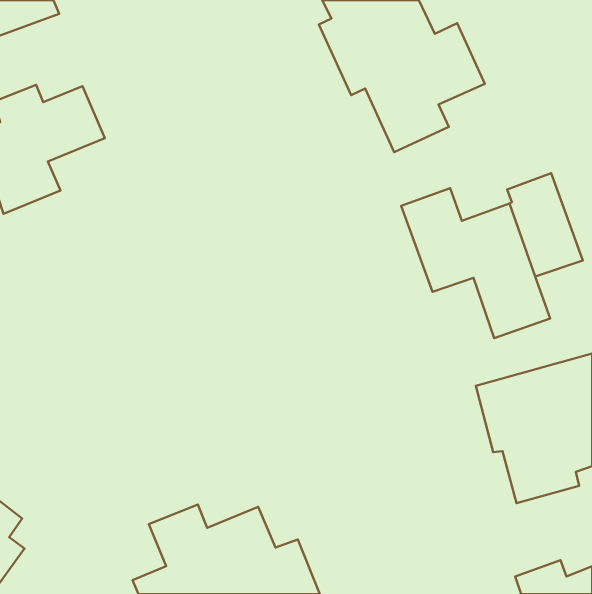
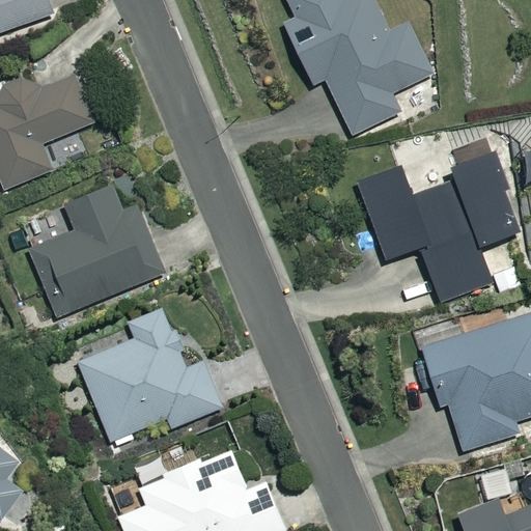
building: none -> [28,189,163,316]
building: none -> [79,309,221,441]

